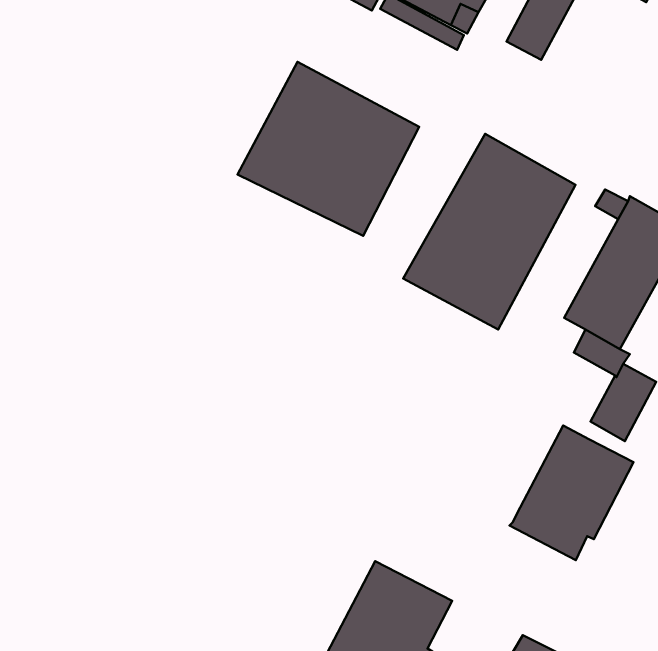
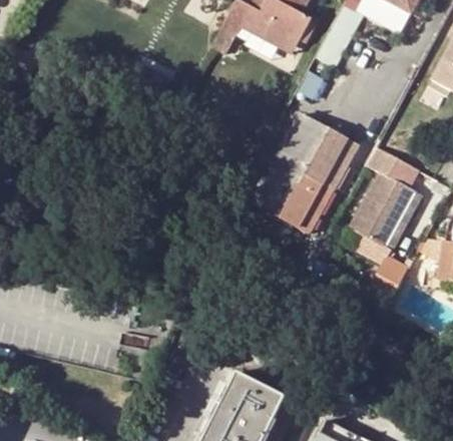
building: [237,62,419,236] -> none
building: [509,425,633,560] -> none

